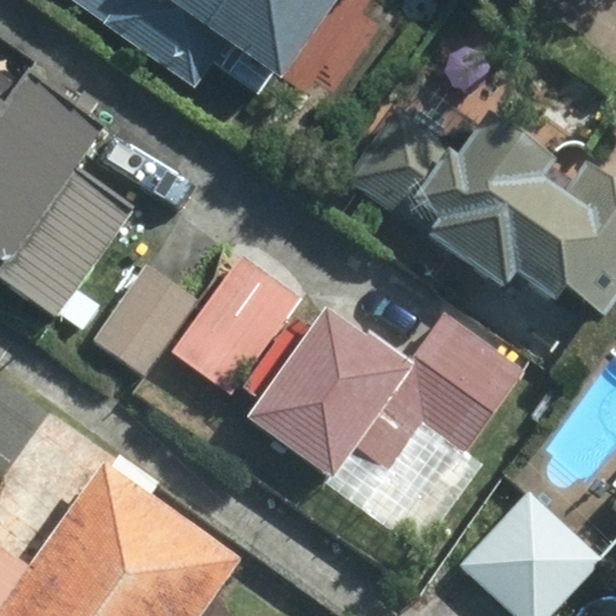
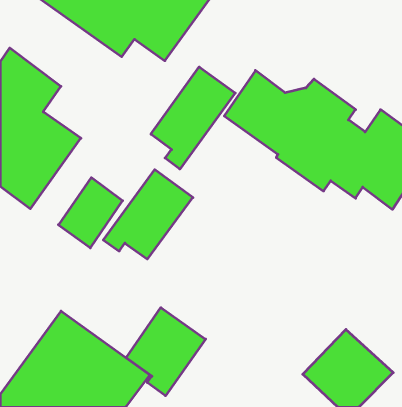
building: none -> [151,67,235,169]
building: [244,315,520,475] -> none
building: none -> [126,308,206,396]

